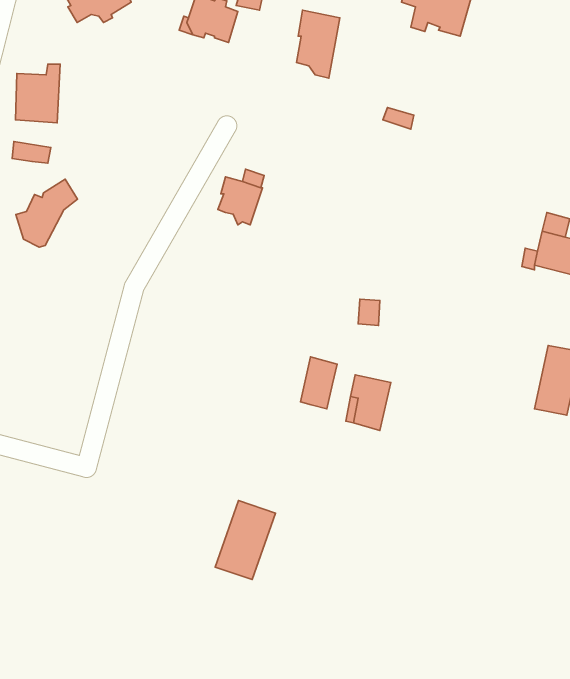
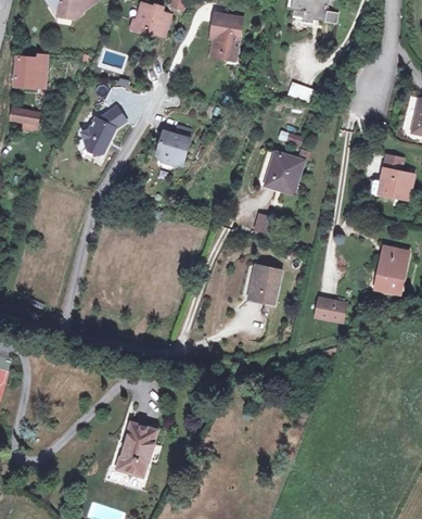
building: [16,179,78,247] -> [80,103,124,151]
building: none -> [263,151,300,188]
building: [300,357,337,409] -> none
building: none -> [314,303,343,326]
building: [215,501,275,579] -> [118,421,161,477]

